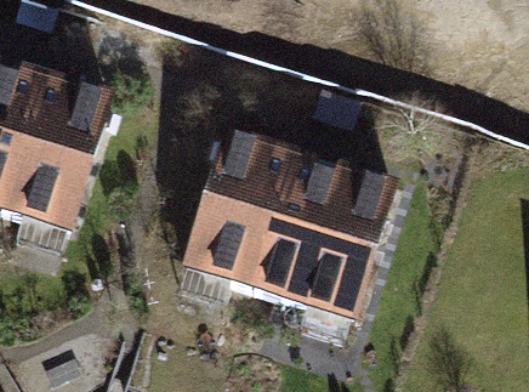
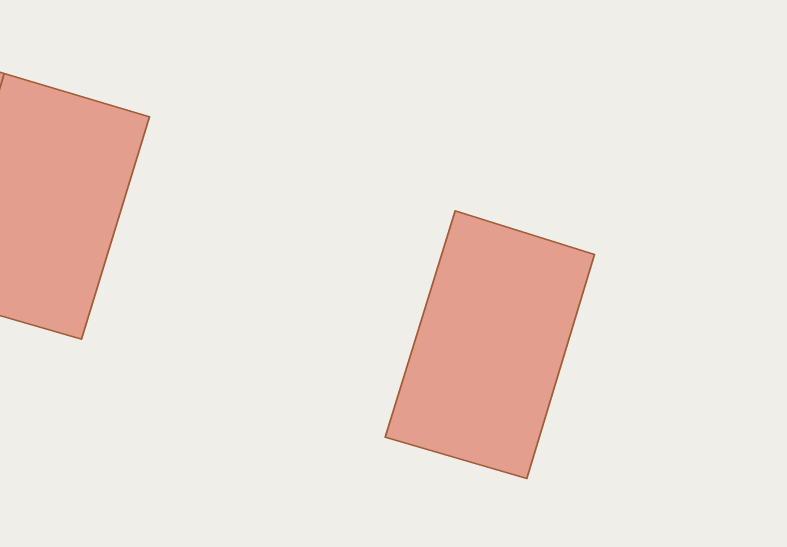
building: [177,129,309,301] -> none

